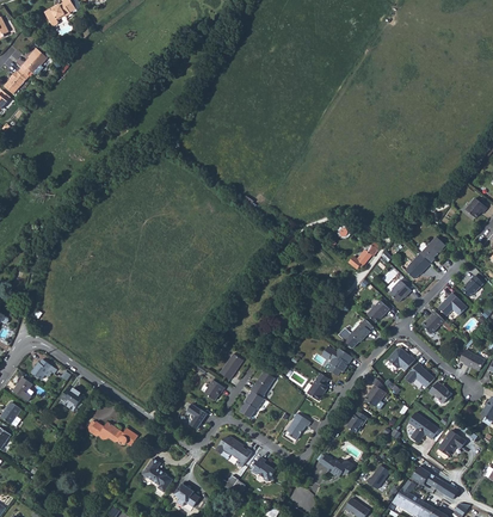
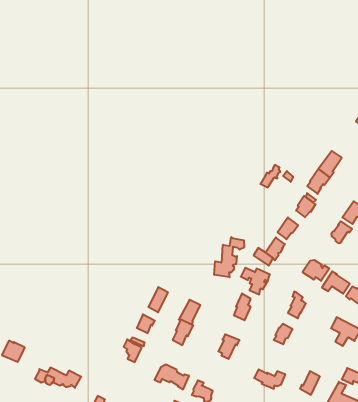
building: none -> [214,237,244,277]

